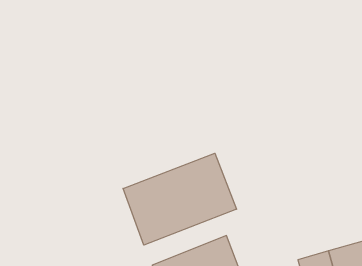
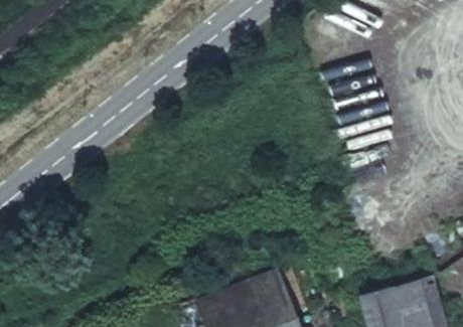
building: [123,153,237,245] -> none

